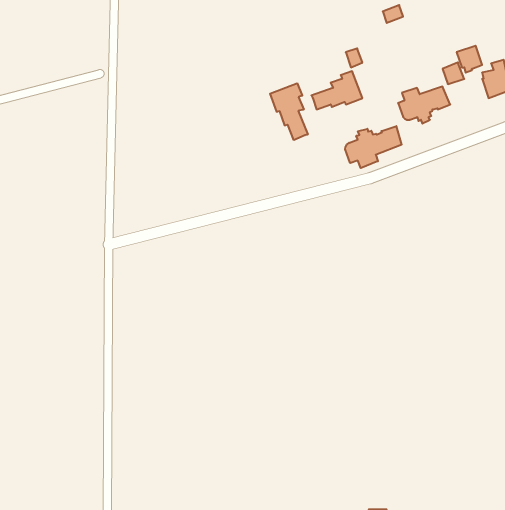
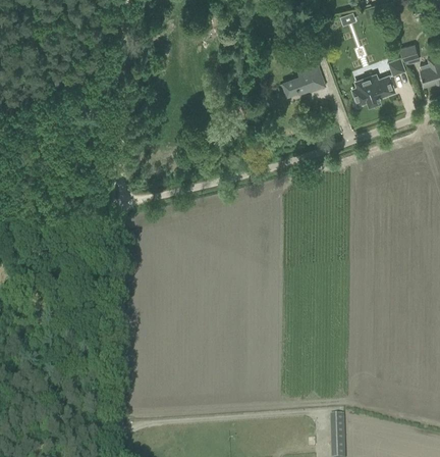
building: [270,83,308,140] -> none
building: [345,126,402,168] -> none

